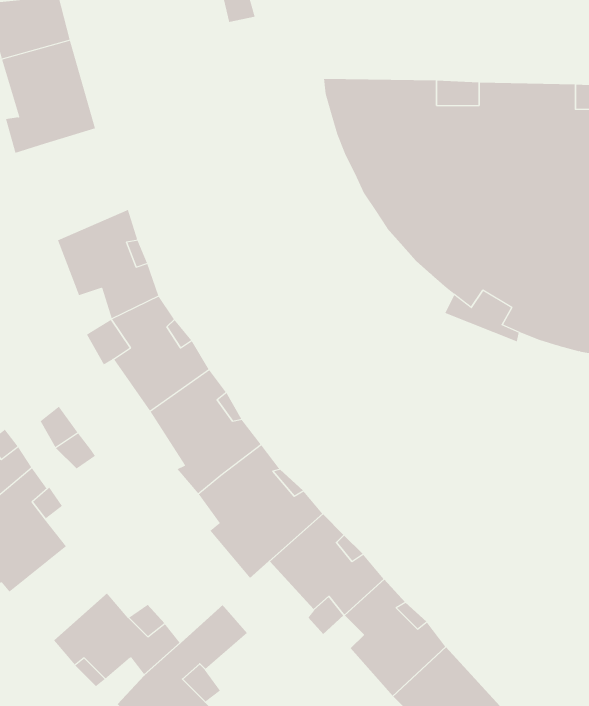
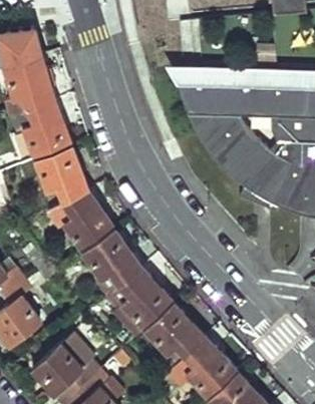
building: none -> [24,99,72,157]

